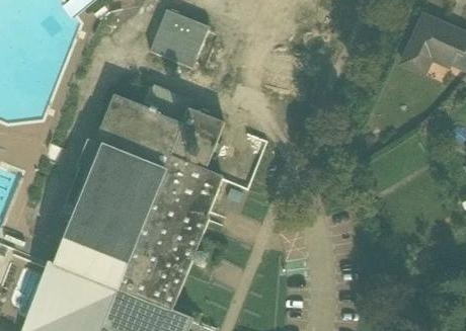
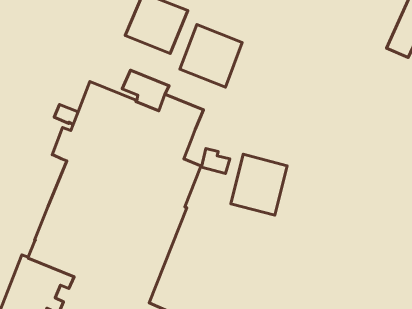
building: none -> [180,25,242,87]
building: none -> [231,154,287,215]

